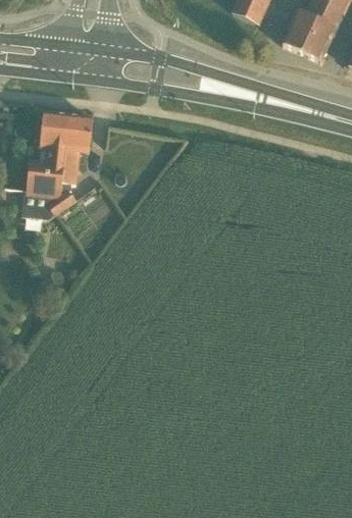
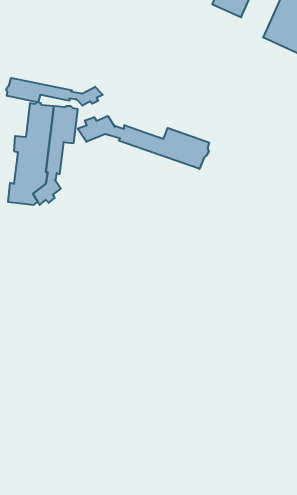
building: none -> [6,78,103,106]
building: none -> [78,116,209,169]

